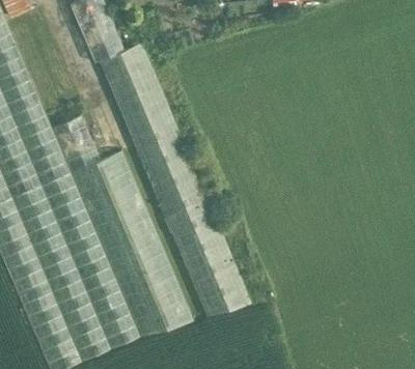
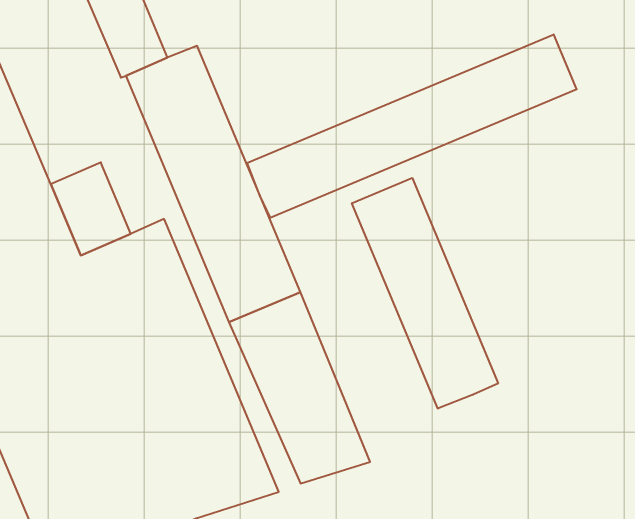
building: none -> [247,34,577,218]
building: none -> [352,178,498,409]

